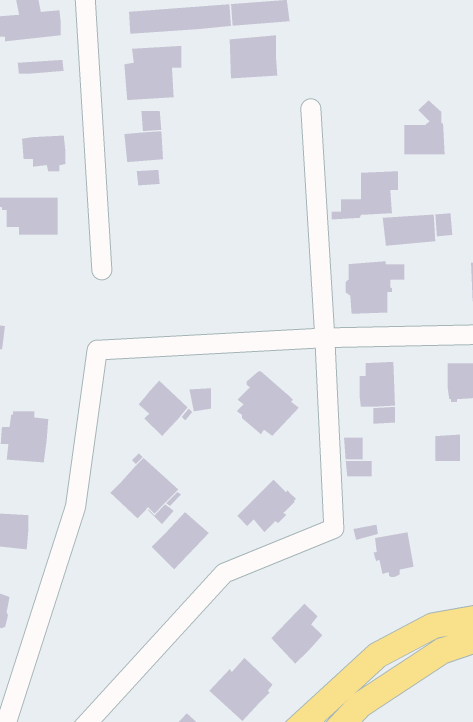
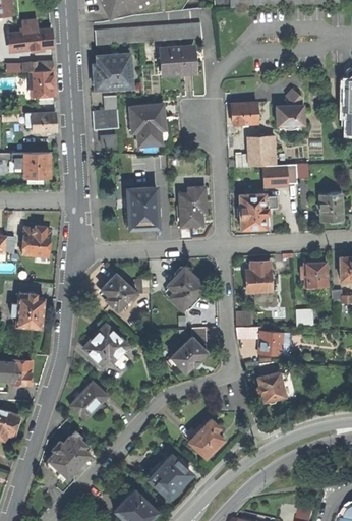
building: none -> [30,70,54,97]
building: none -> [232,103,258,124]
building: none -> [131,104,165,144]
building: none -> [179,186,206,225]
building: none -> [126,187,158,229]
building: none -> [21,226,51,255]
building: none -> [259,331,284,355]
building: [151,511,210,570] -> [70,381,109,419]
building: none -> [49,436,91,477]

